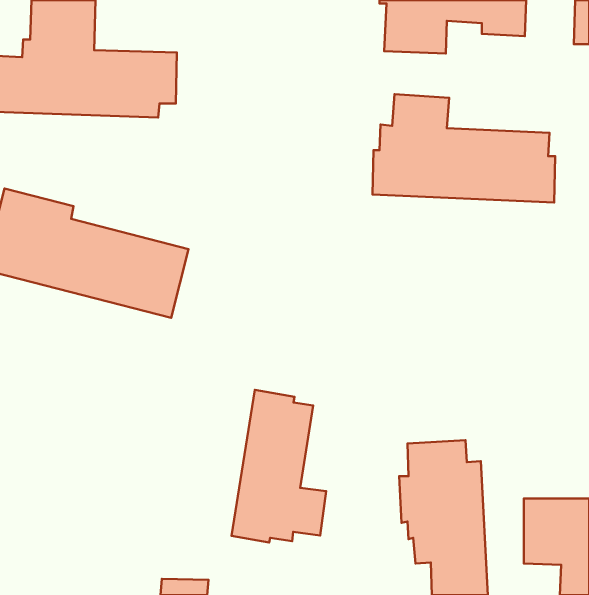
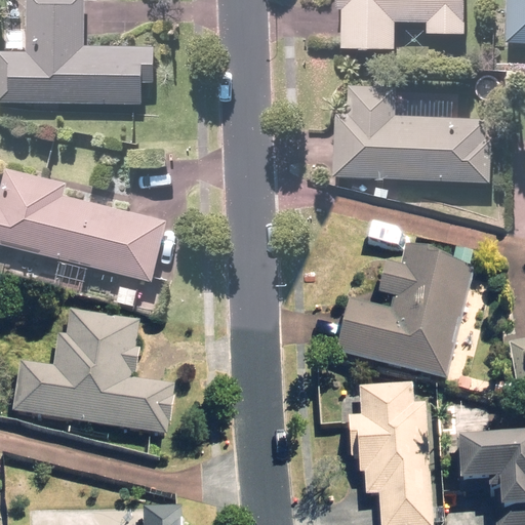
building: none -> [336,248,477,382]
building: none -> [13,313,174,438]
building: [231,390,326,542] -> none

